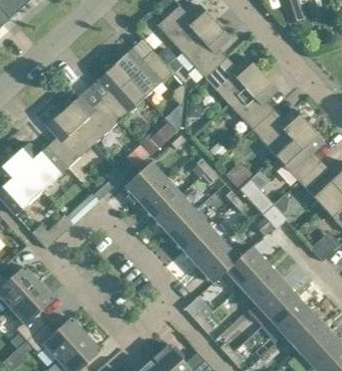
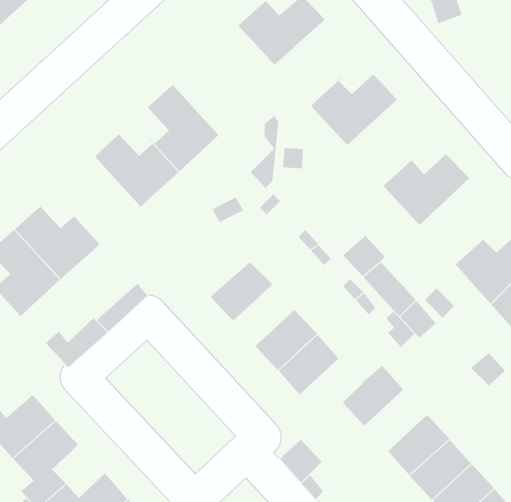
building: [181,20,229,76] -> none
building: [115,47,172,96] -> none
building: [228,72,277,129] -> none
building: [46,110,94,167] -> none
building: [276,124,324,180] -> none
building: [124,161,165,201] -> none
building: [154,193,194,233] -> none
building: [197,241,238,282] -> none
building: [239,261,281,302] -> none

